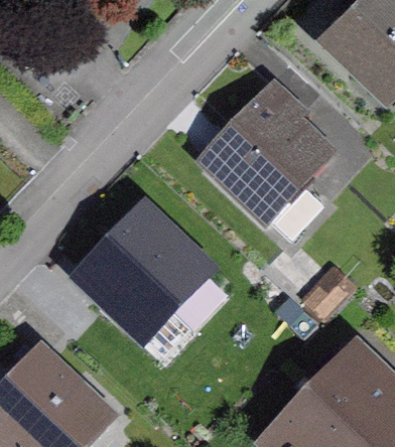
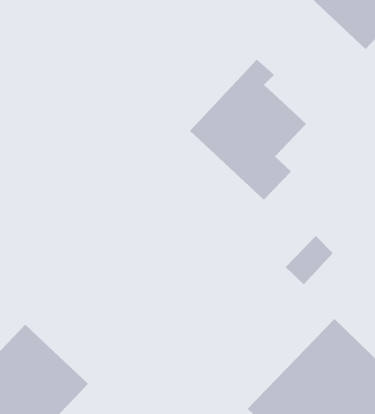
building: [84,212,205,337] -> none

